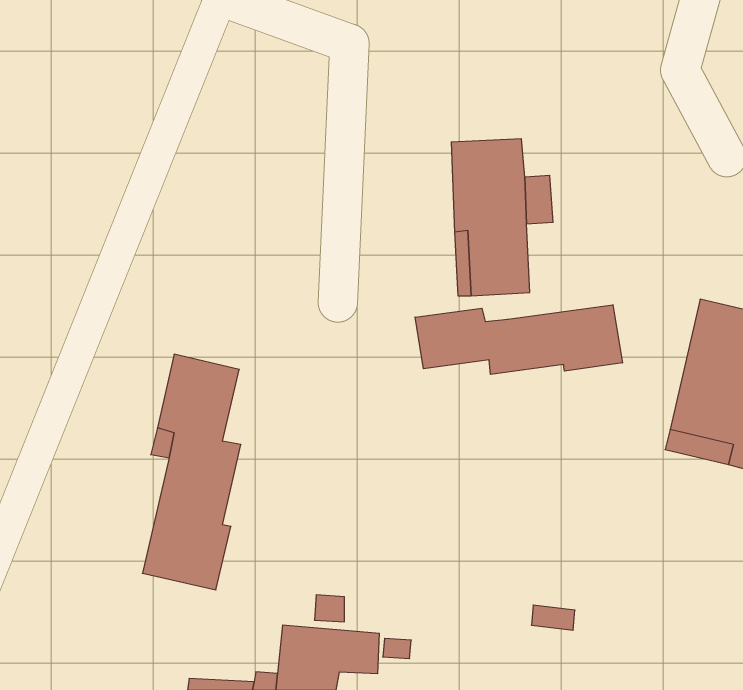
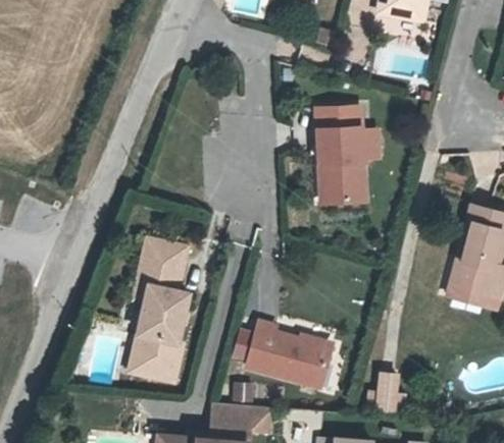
building: [415,305,622,374] -> none
building: none -> [247,321,331,386]

